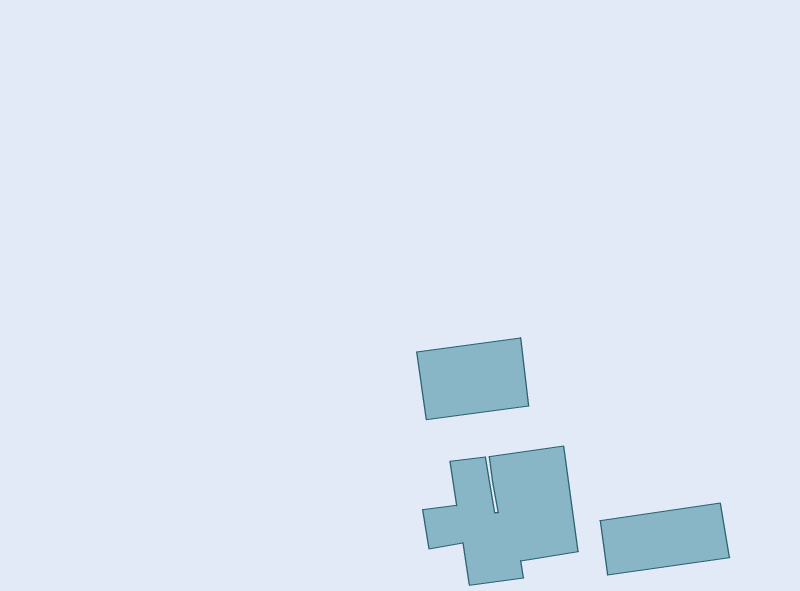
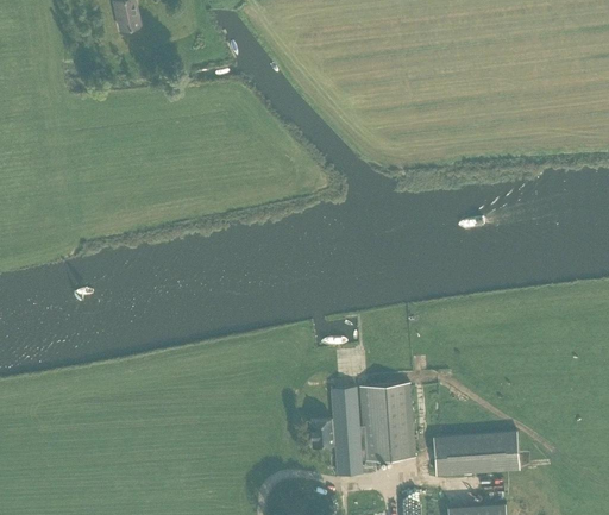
building: [417,338,529,420] -> none

